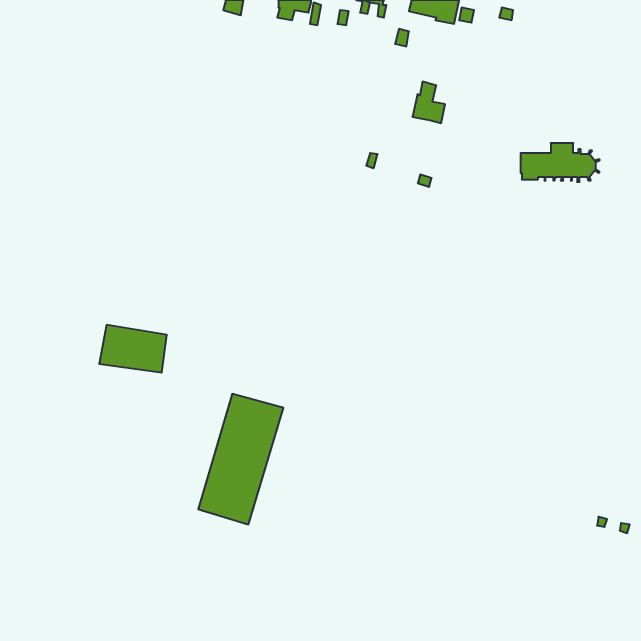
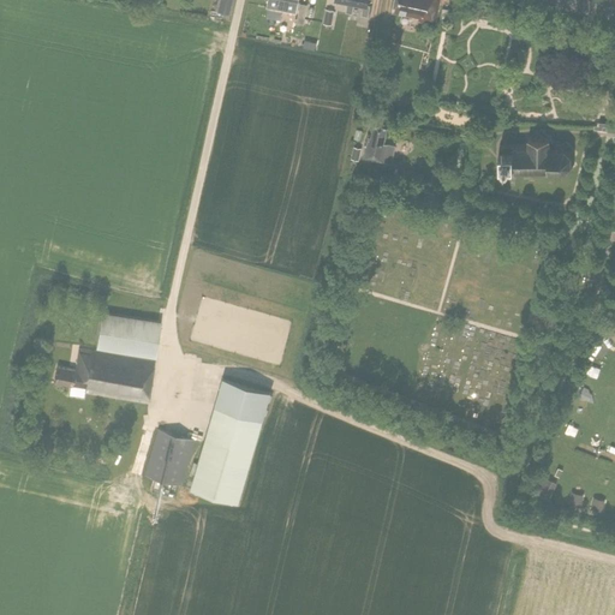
building: [412,82,445,123] -> [364,124,395,163]
building: none -> [53,347,155,402]
building: none -> [144,428,195,485]

